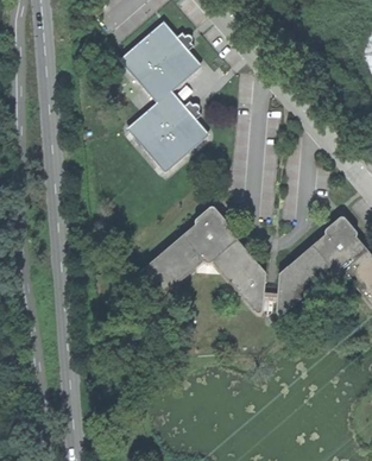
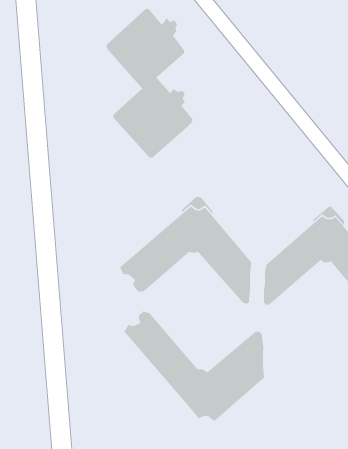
building: none -> [124,311,265,422]

